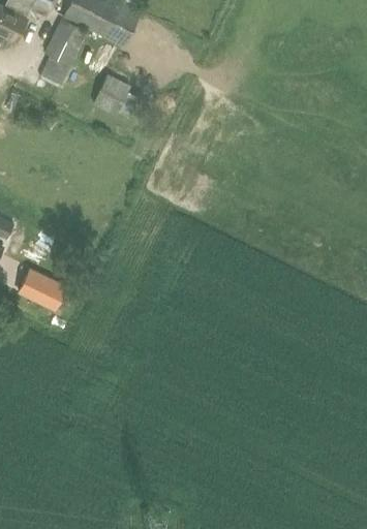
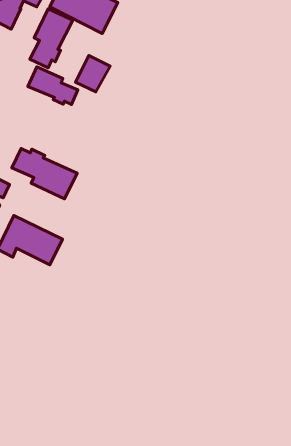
building: none -> [28,67,78,105]
building: none -> [12,148,77,199]

